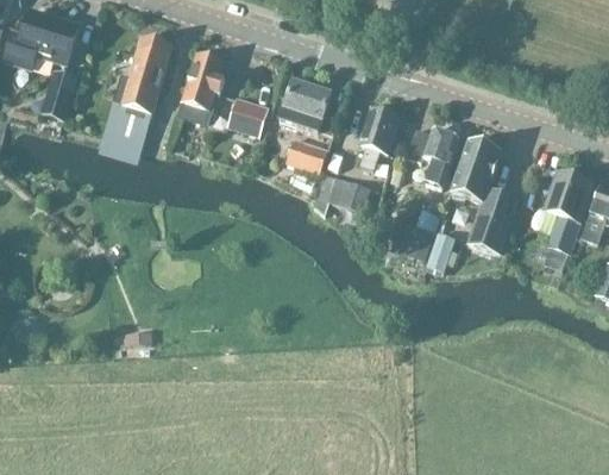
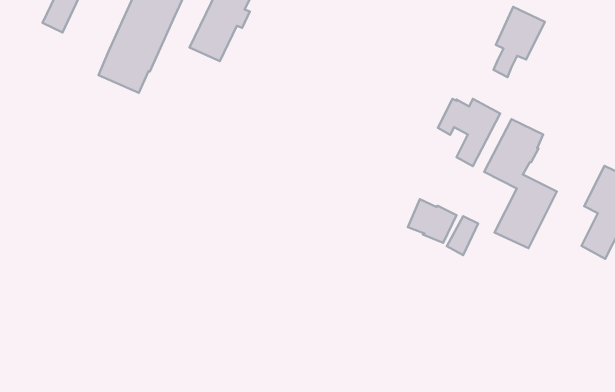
building: [280,80,339,135] -> none
building: [227,96,268,133] -> none
building: [359,106,400,169] -> [494,7,545,77]
building: [287,137,328,170] -> none
building: [313,173,371,213] -> none

